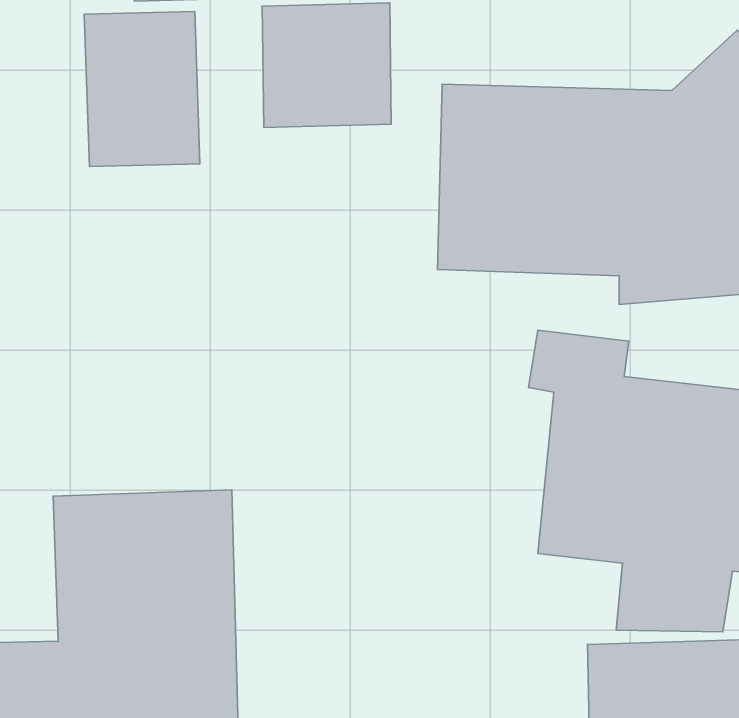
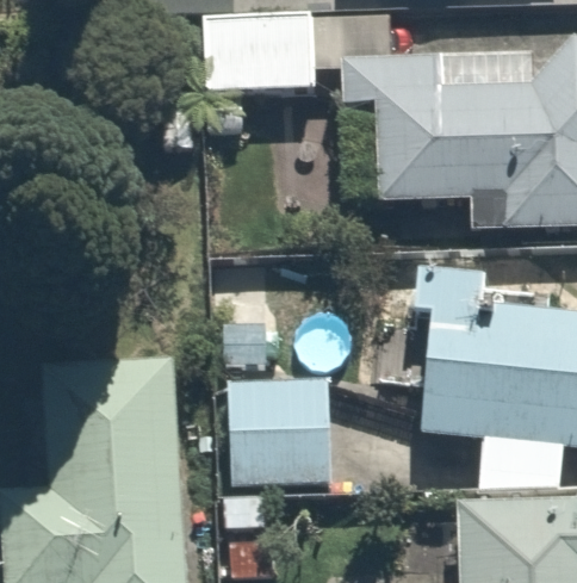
building: [84,12,200,167] -> none
building: none -> [227,374,331,483]

